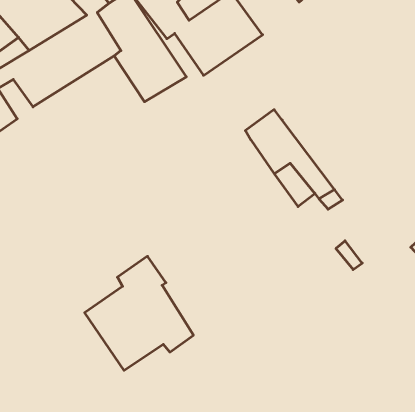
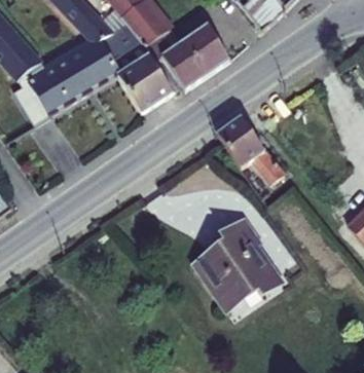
building: [85,256,193,370] -> [194,216,280,305]

